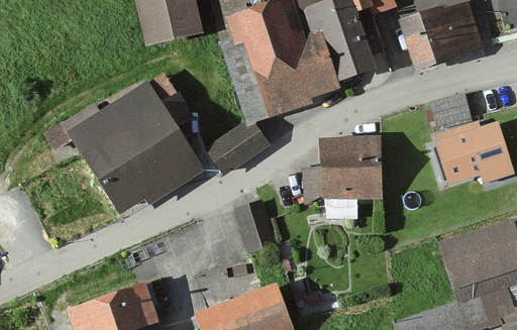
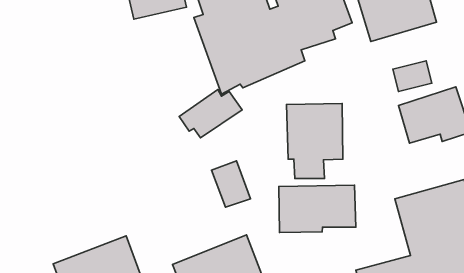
building: [43,76,200,216] -> none
building: none -> [279,185,356,232]

